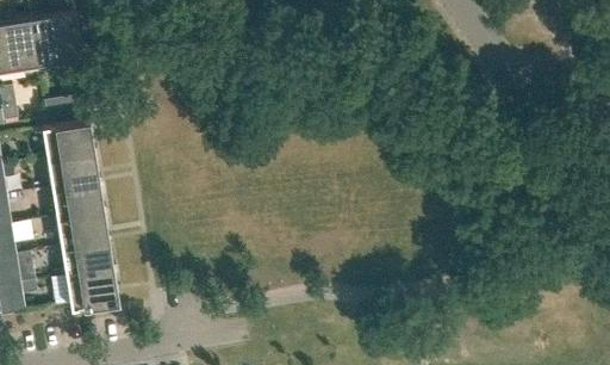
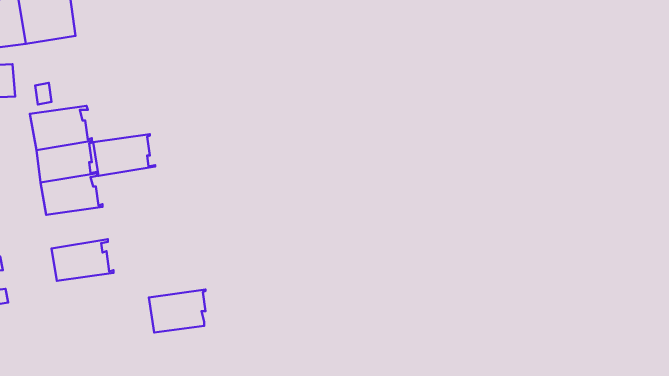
building: [56,211,111,248] -> [93,134,155,176]
building: [66,270,116,308] -> [149,289,205,333]

